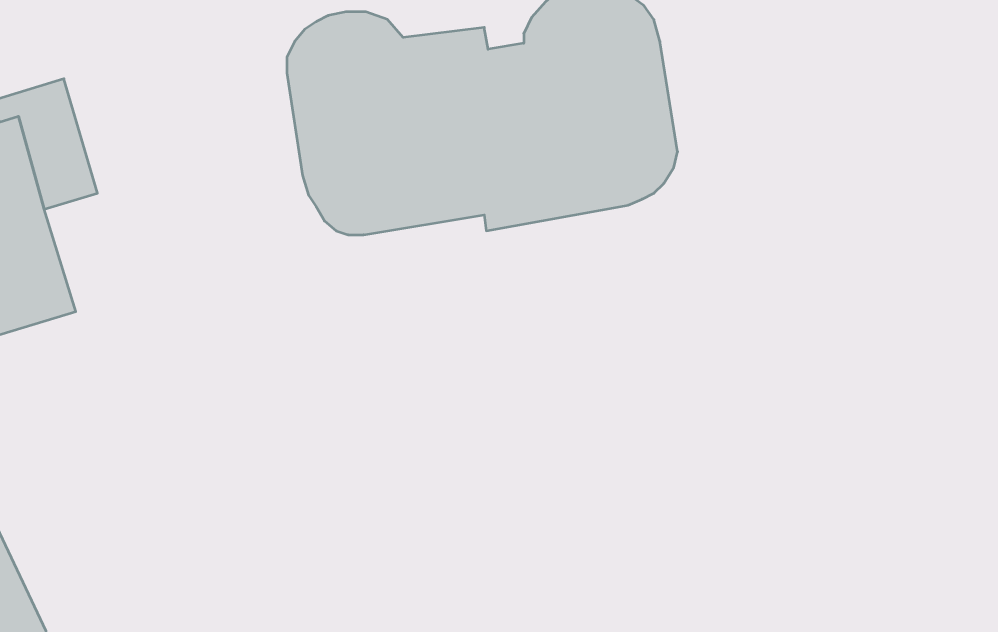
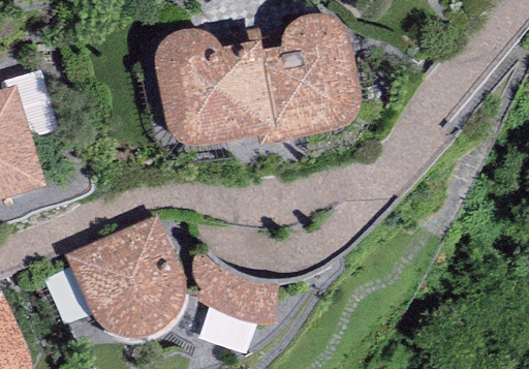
building: none -> [66,213,187,341]
building: none -> [192,241,277,321]

